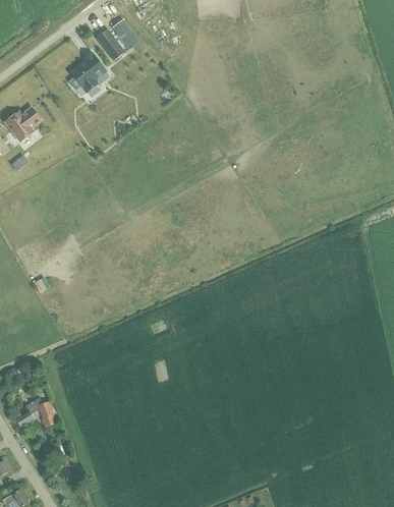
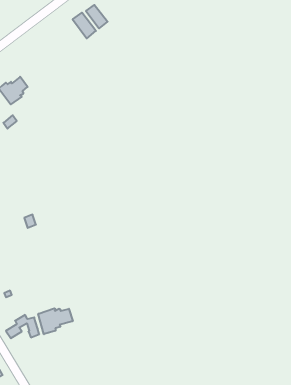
building: [70,53,106,93] -> none
building: none -> [38,308,73,334]

